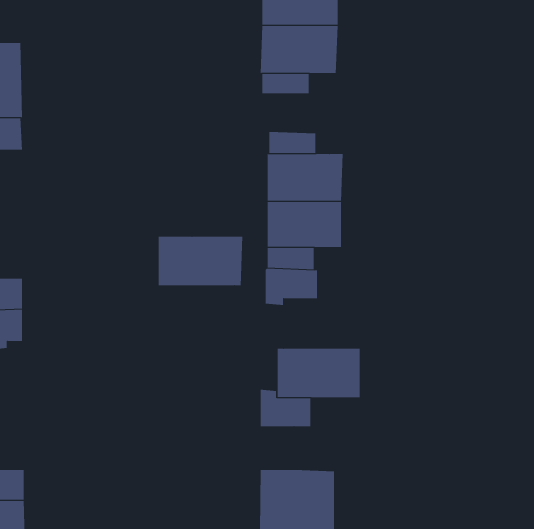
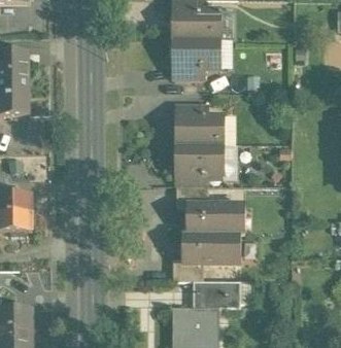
building: [158,236,243,286] -> [186,205,238,235]
building: none -> [193,282,239,309]

